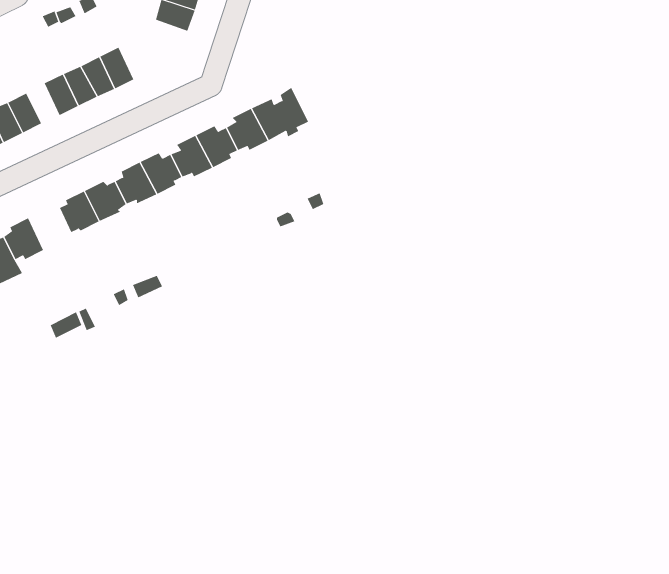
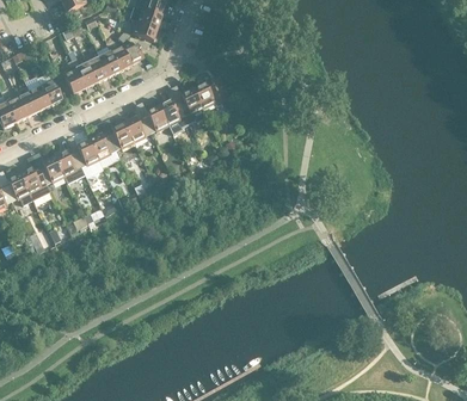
building: none -> [111,41,145,70]
building: none -> [55,150,86,183]

